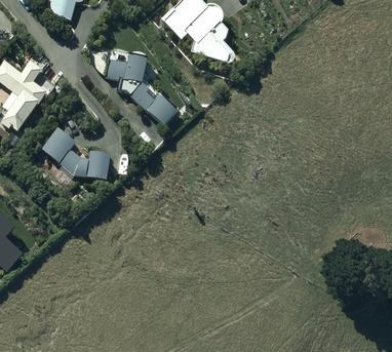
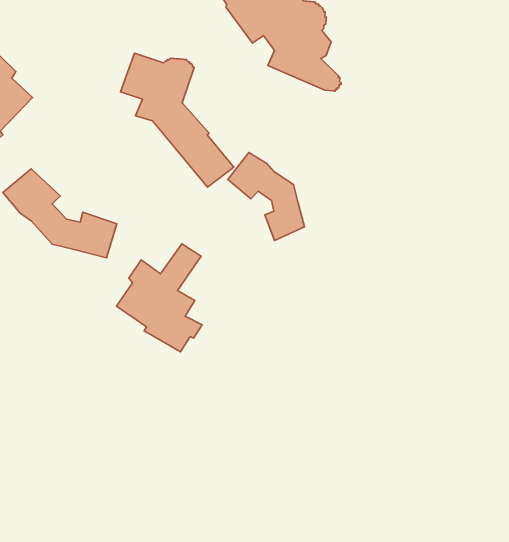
building: none -> [228,153,305,241]
building: none -> [116,244,202,352]

